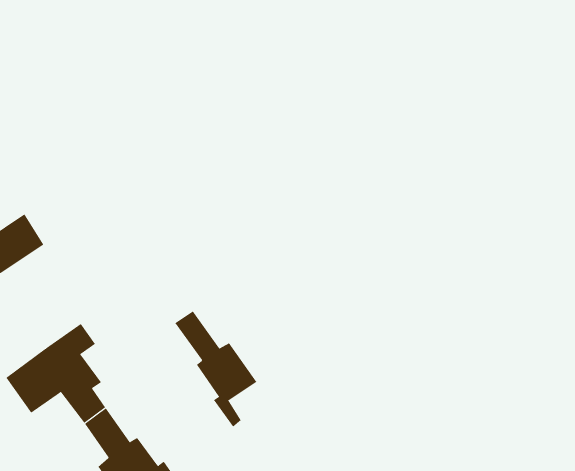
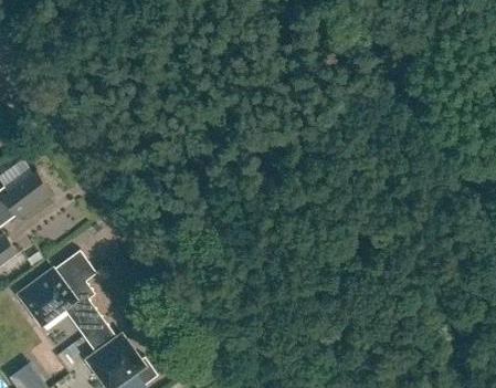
building: [175,310,257,428] -> none

